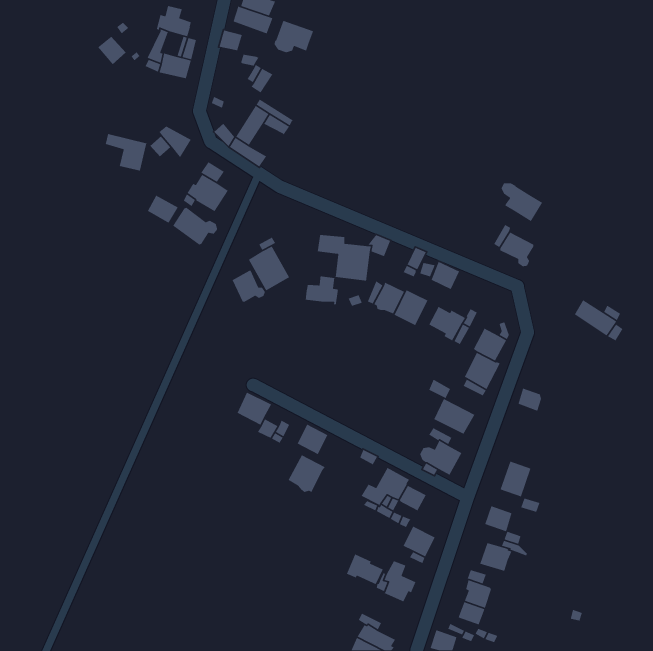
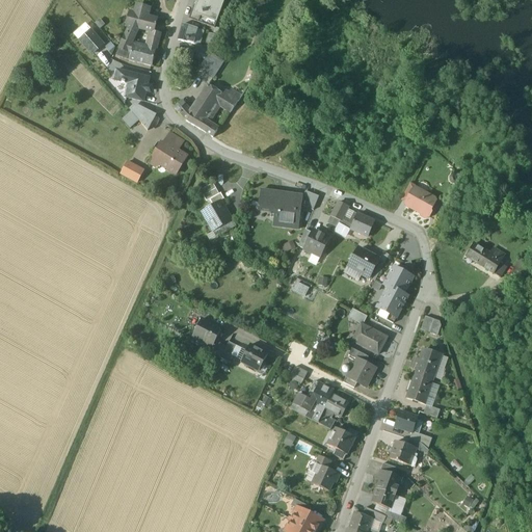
building: [274,20,314,53] -> none
building: [105,133,148,171] -> [114,69,150,100]
building: [500,182,543,222] -> none
building: [172,207,218,246] -> none
building: [231,270,266,303] -> none
building: [304,275,339,305] -> none
building: [393,289,429,326] -> none
building: none -> [415,349,441,380]
building: [288,454,326,493] -> none
building: [346,553,384,585] -> none

